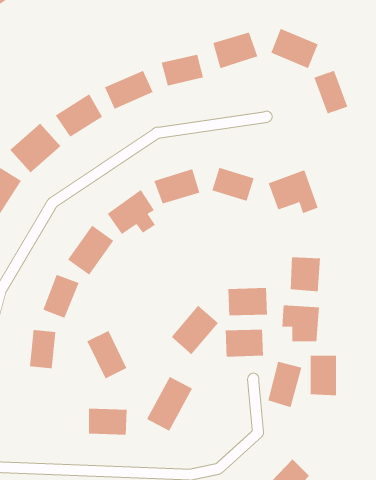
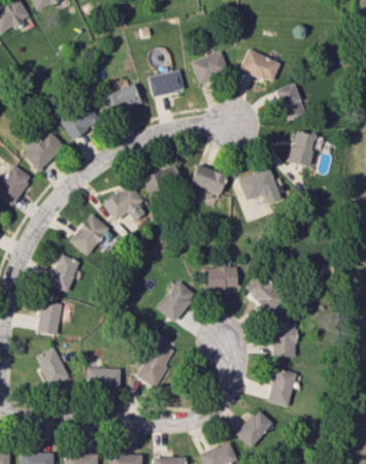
building: none -> [290,131,315,166]
building: [290,257,320,292] -> none
building: [225,329,263,357] -> none
building: [87,330,127,379] -> [36,347,70,389]
building: [268,361,302,408] -> [268,368,297,407]

